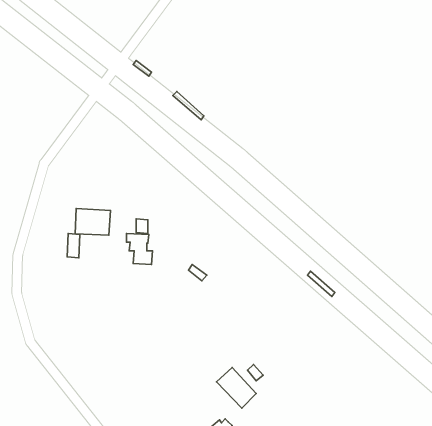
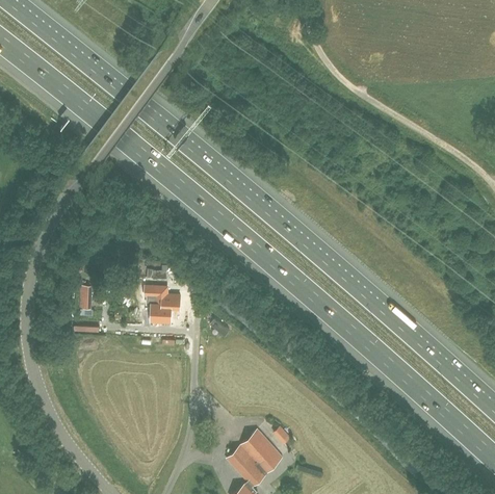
building: [75,208,111,235] -> none
building: none -> [226,445,267,488]

